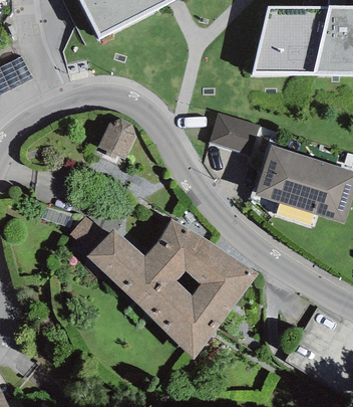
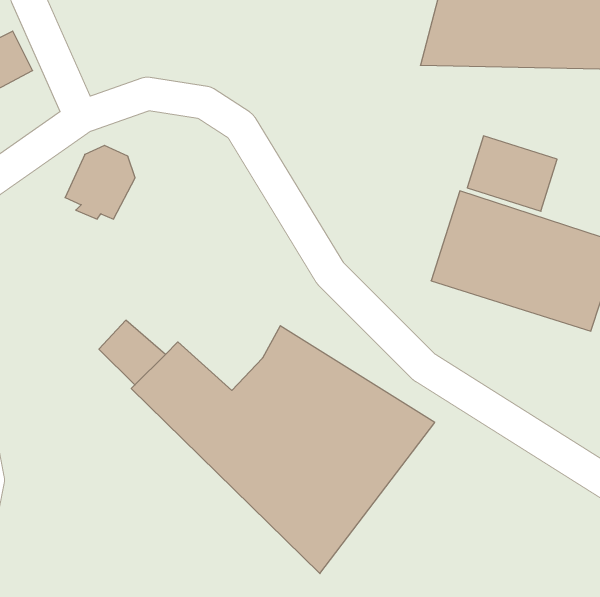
building: [208,113,258,155] -> [467,136,557,211]
building: [96,118,135,159] -> [65,145,135,219]

